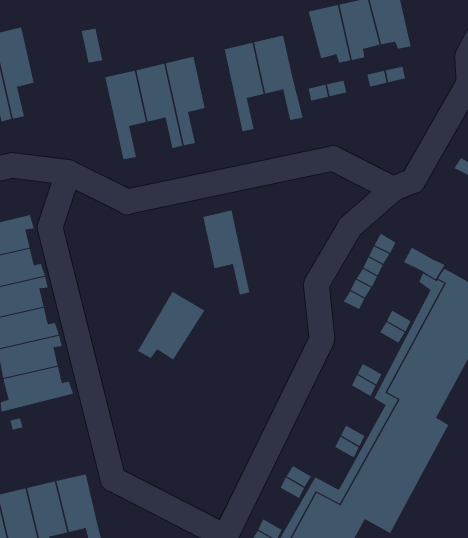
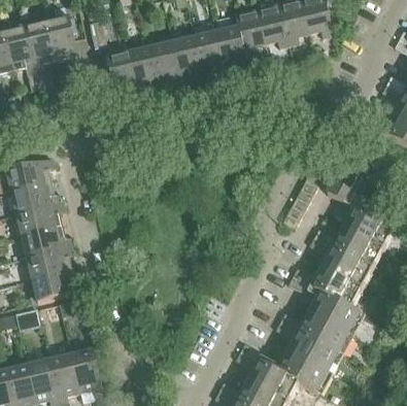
building: none -> [235,9,266,56]
building: none -> [46,15,84,80]
building: [203,210,250,295] -> [173,37,208,100]
building: [137,291,205,361] -> none

